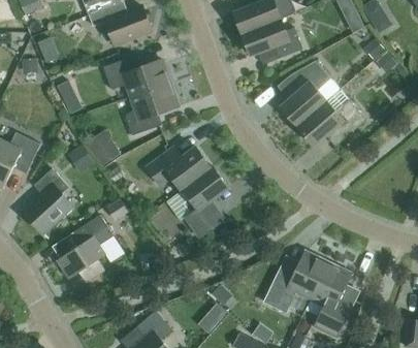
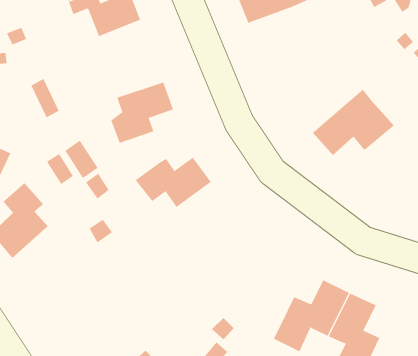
building: [242,19,302,59] -> none
building: [103,55,170,96] -> none
building: [280,60,330,126] -> none
building: [181,166,228,238] -> none
building: [57,215,114,282] -> none

